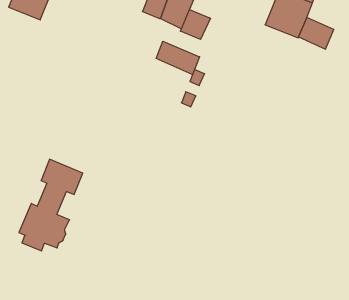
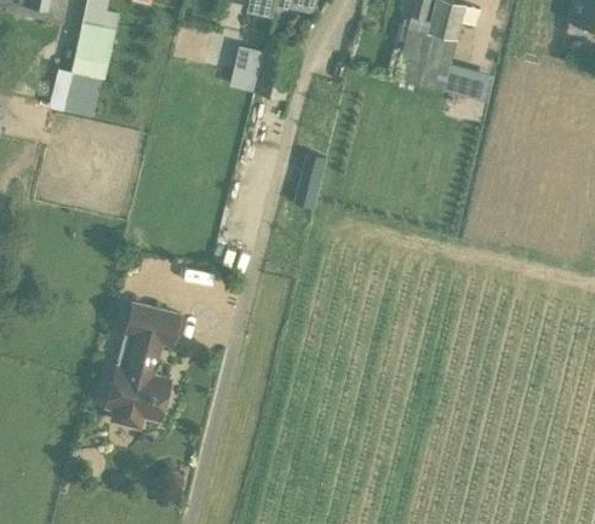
building: [180,10,210,39] -> none
building: [156,41,200,74] -> none

